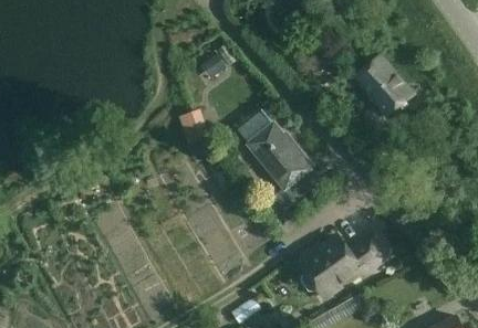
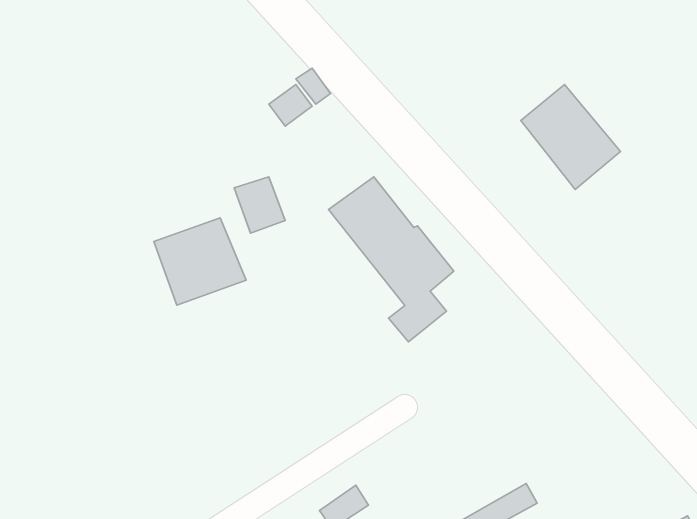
building: none -> [154,218,246,305]
building: [298,232,389,290] -> none

